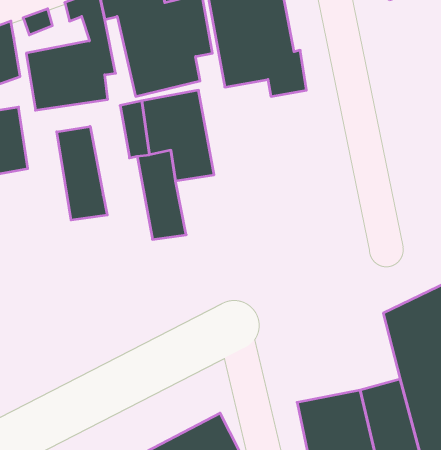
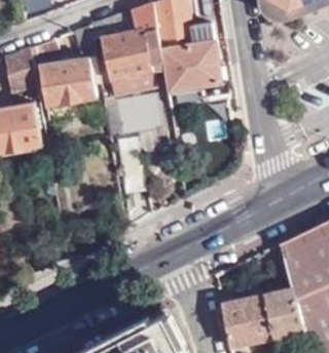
building: [57,126,107,220] -> none

